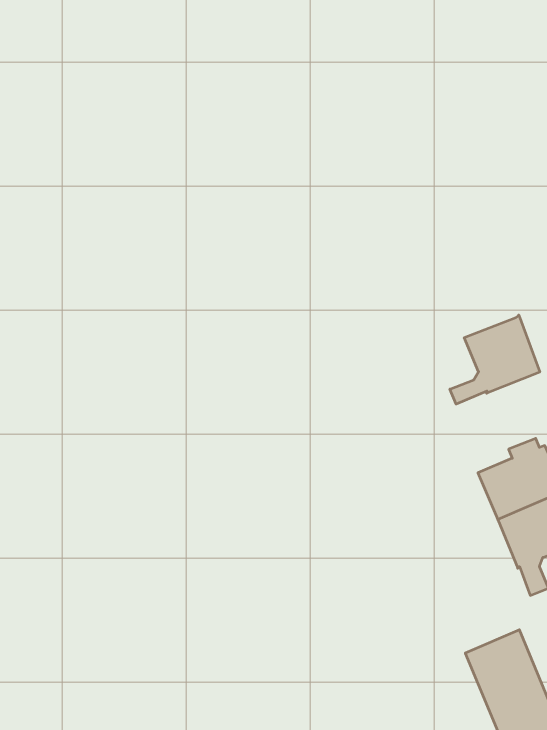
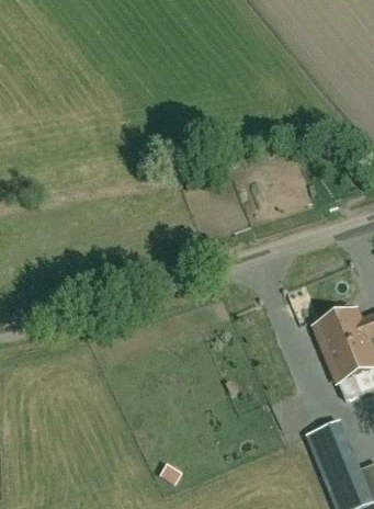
building: [450,315,540,404] -> none

